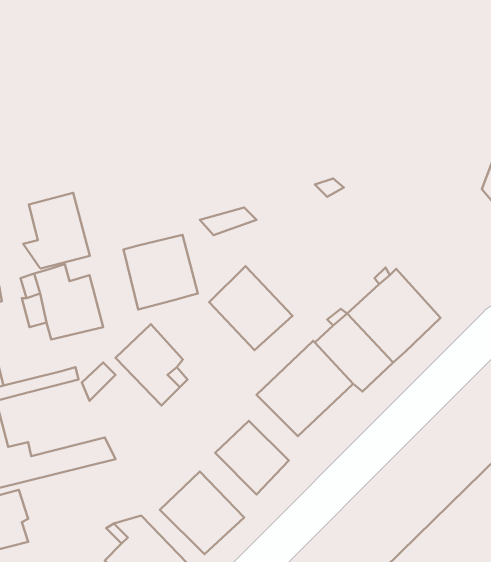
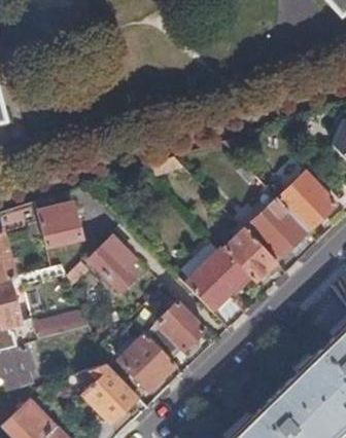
building: [23,193,90,269] -> none
building: none -> [277,172,336,231]
building: [123,235,198,309] -> none
building: [209,266,293,350] -> none

